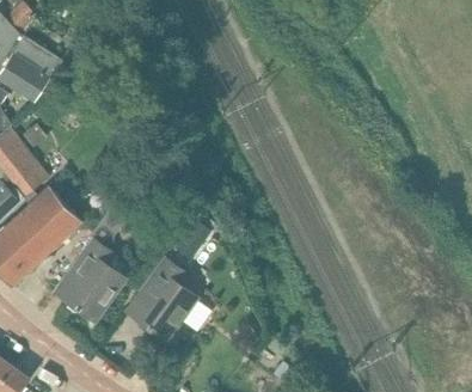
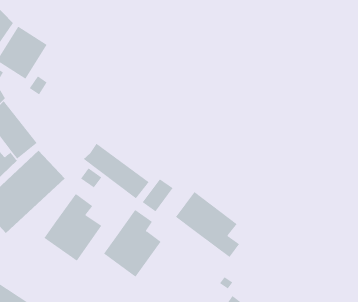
building: none -> [83,143,149,199]
building: none -> [175,191,240,258]

